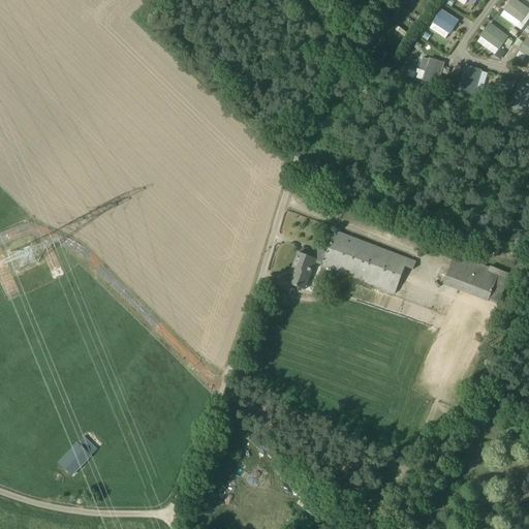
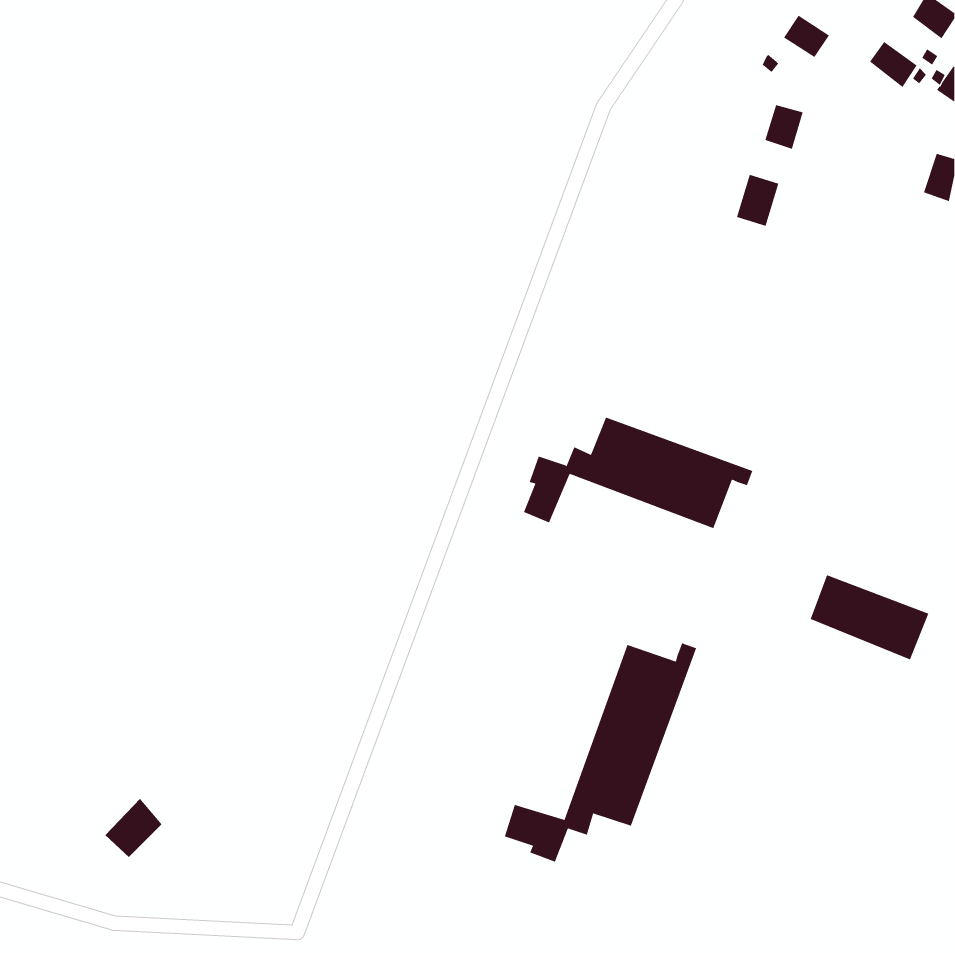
building: [457,65,480,94] -> [736,174,779,227]
building: [443,257,509,305] -> [810,574,929,660]
building: none -> [504,643,697,863]

